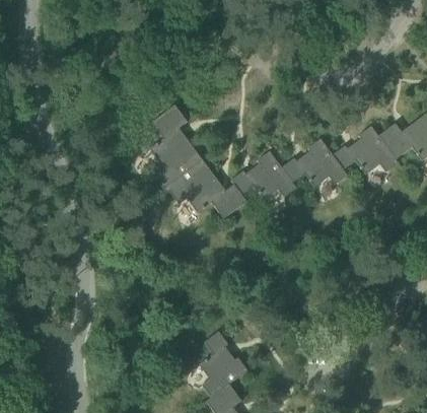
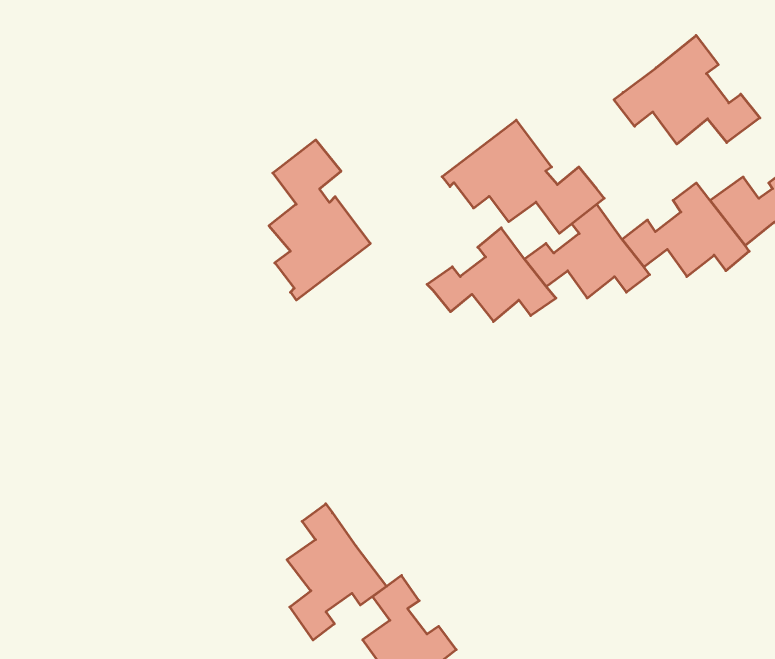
building: none -> [614,35,760,144]
building: [163,158,247,217] -> [442,120,604,233]
building: none -> [287,504,387,640]

